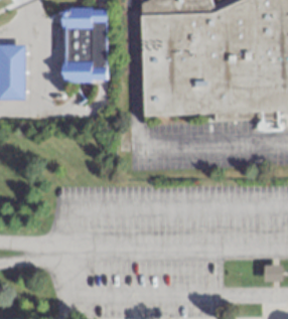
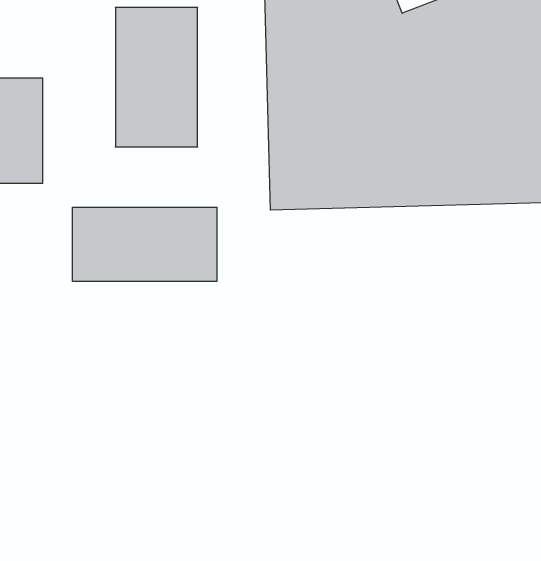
building: none -> [73,207,217,281]

